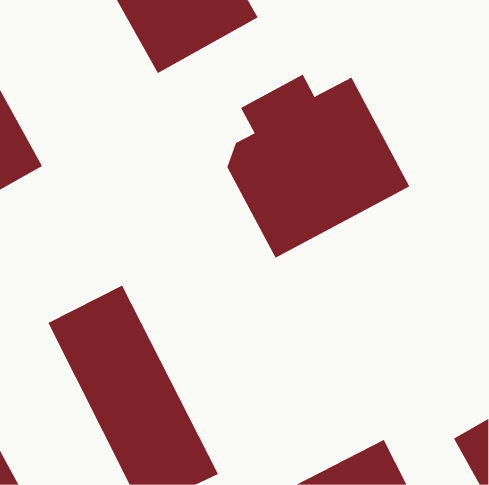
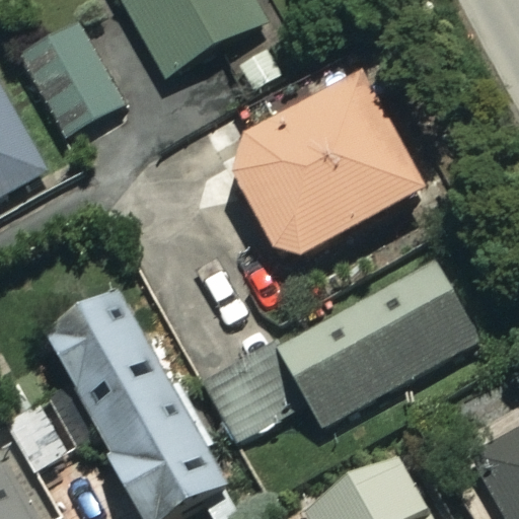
building: none -> [20,25,123,136]
building: none -> [275,254,476,426]

